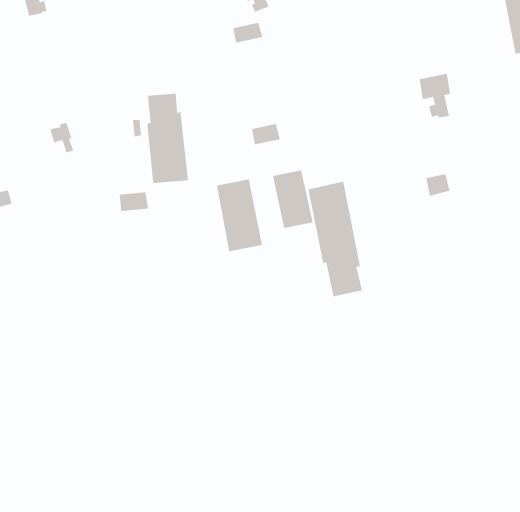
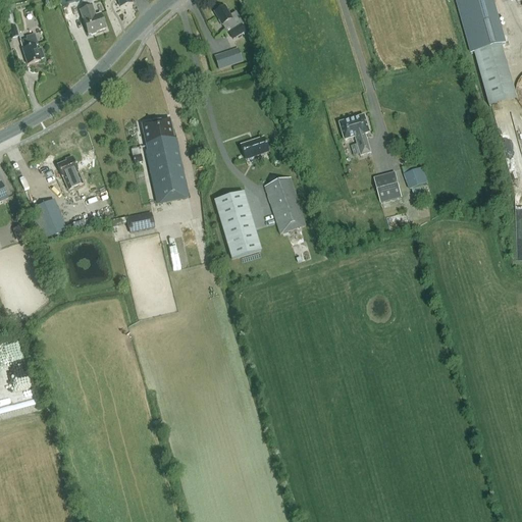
building: [419,73,451,118] -> [338,112,370,154]
building: none -> [30,198,66,239]
building: none -> [374,170,402,202]
building: [308,181,362,297] -> none

